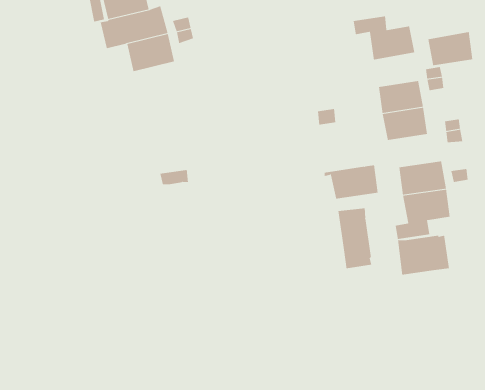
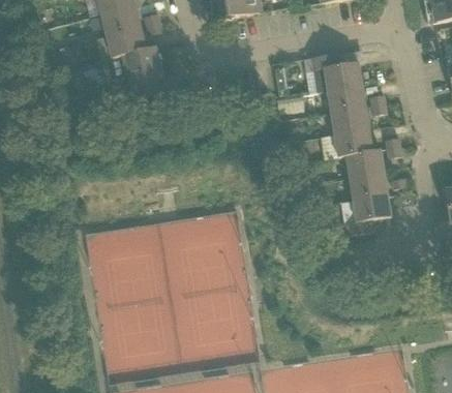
building: [428,32,473,66] -> [328,82,365,110]
building: [324,165,379,199] -> [339,147,384,175]
building: [338,207,372,269] -> none
building: [397,235,450,275] -> none

